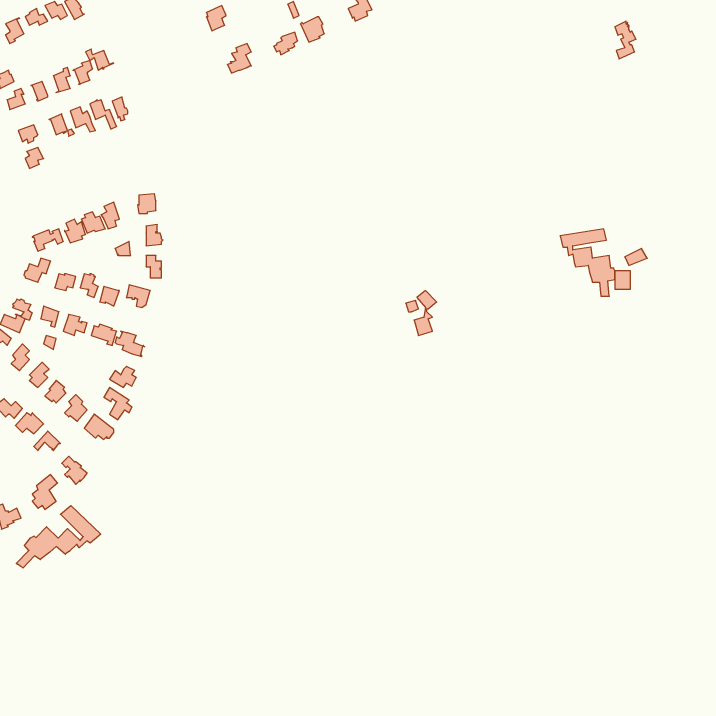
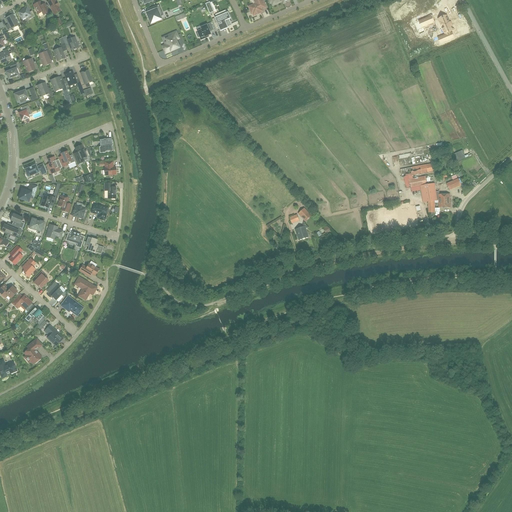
building: [16,506,101,568] -> none

